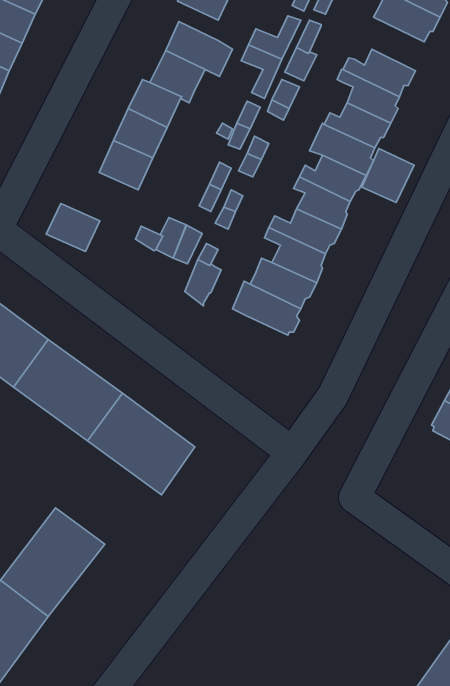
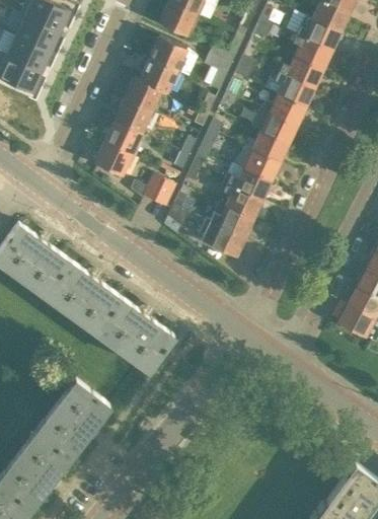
building: none -> [292,34,331,72]
building: [362,148,414,203] -> none
building: [46,204,100,251] -> [94,143,132,176]

